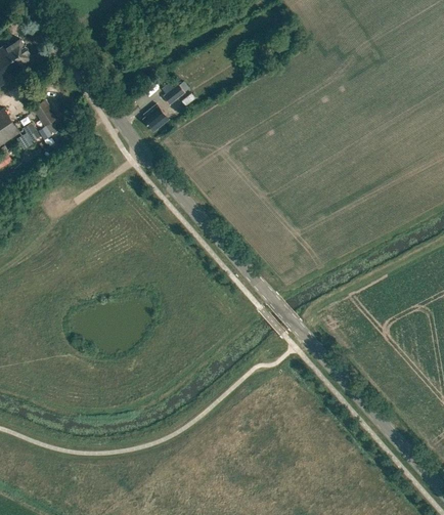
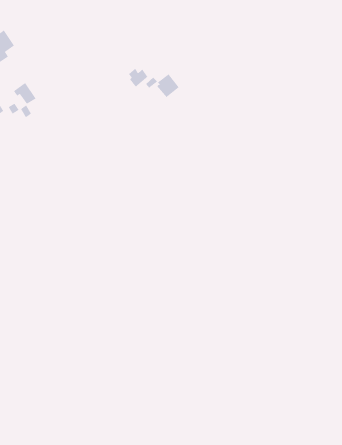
building: [143,103,170,131] -> [156,74,179,98]

